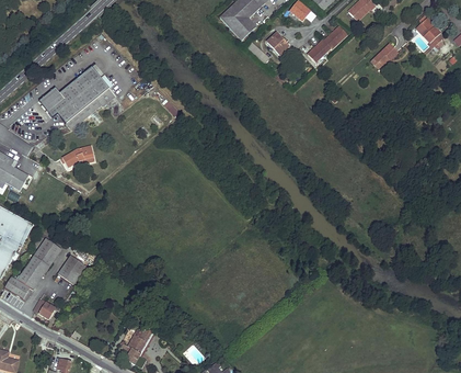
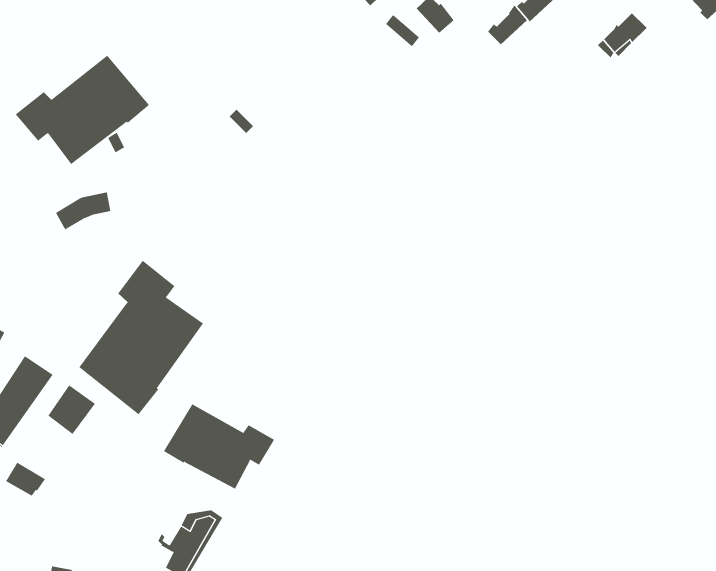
building: none -> [78,260,204,415]
building: none -> [163,403,275,490]

